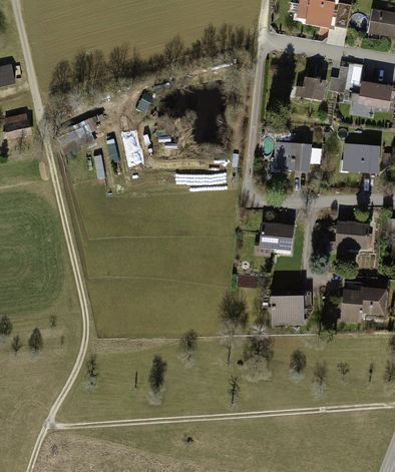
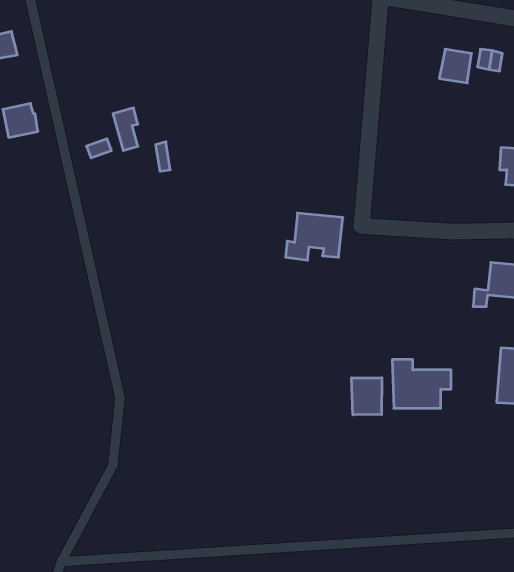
building: [270,142,310,171] -> none
building: [254,223,293,256] -> [286,213,343,260]
building: none -> [352,378,382,415]

